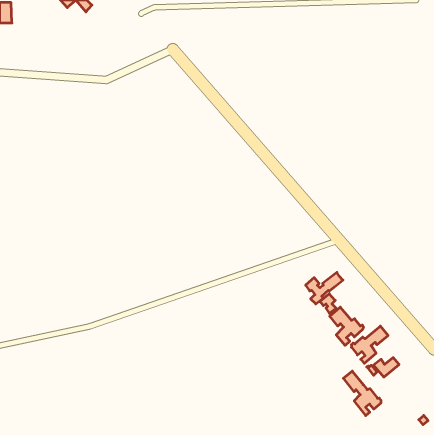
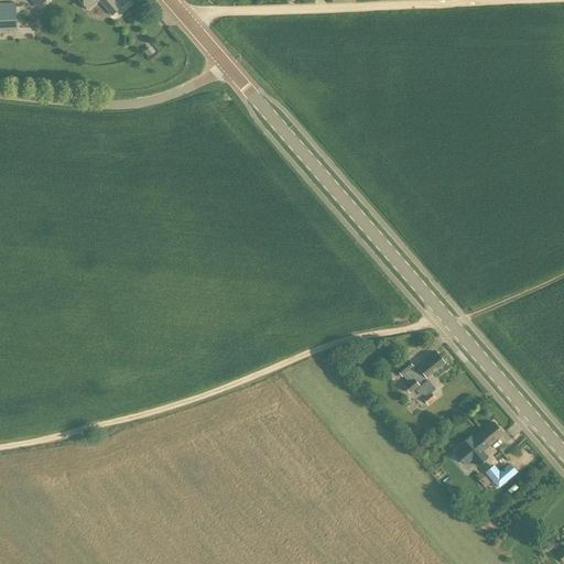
building: [330,307,363,345] -> none
building: [343,371,381,416] -> none

